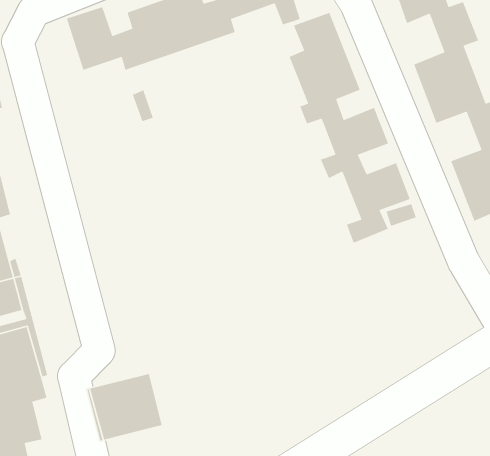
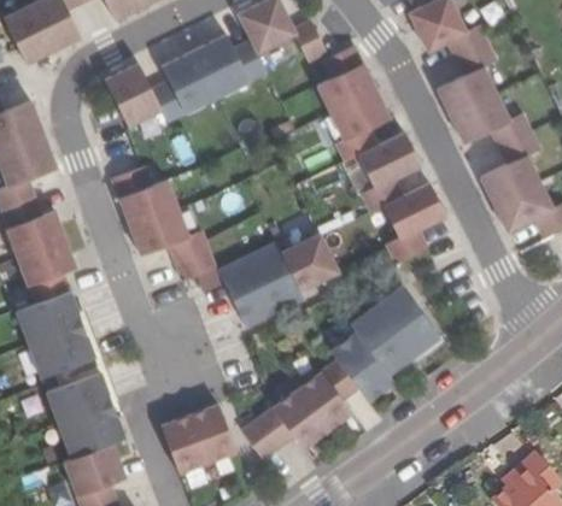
building: none -> [109,165,209,280]
building: none -> [222,233,343,329]
building: none -> [238,287,439,460]

